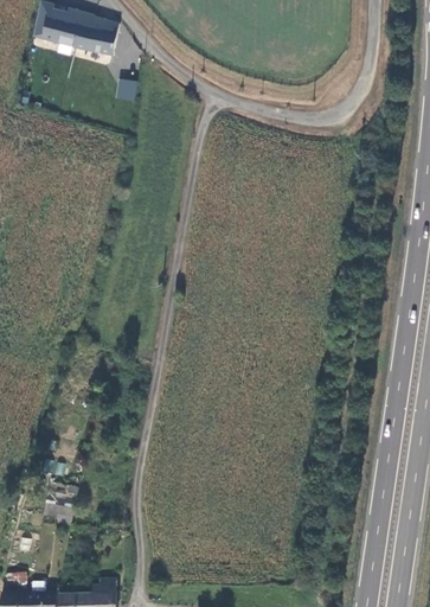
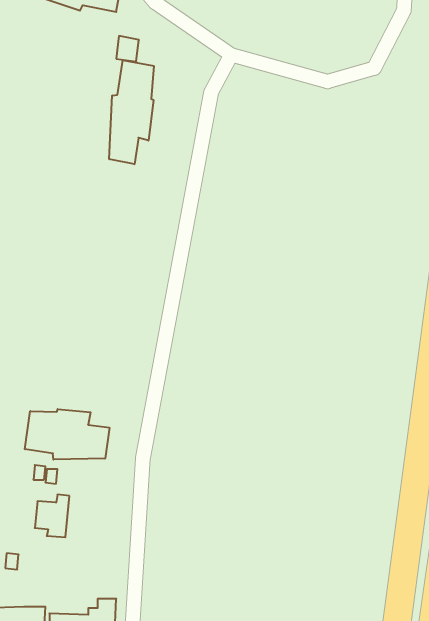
building: none -> [109,60,154,164]
building: none -> [25,409,109,460]

